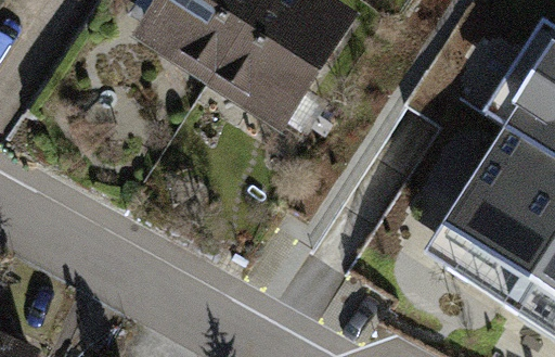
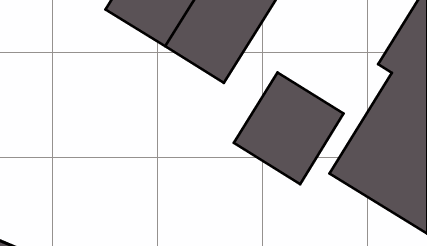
building: none -> [234,73,344,184]

